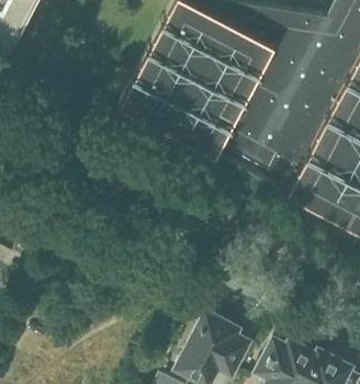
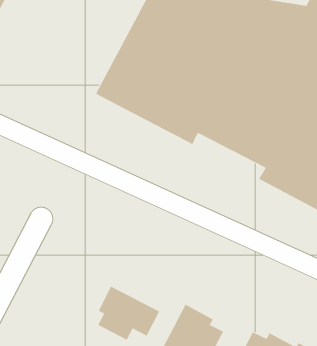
building: none -> [97,286,160,340]

